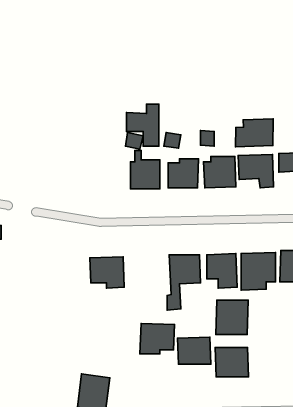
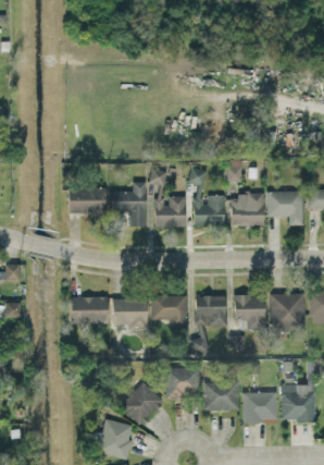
building: [127,104,159,146] -> [112,182,146,225]
building: [236,119,273,147] -> none
building: none -> [68,187,107,213]
building: none -> [151,295,187,326]
building: none -> [68,296,108,323]
building: [216,300,248,335] -> [281,384,314,420]
building: none -> [121,382,163,426]

